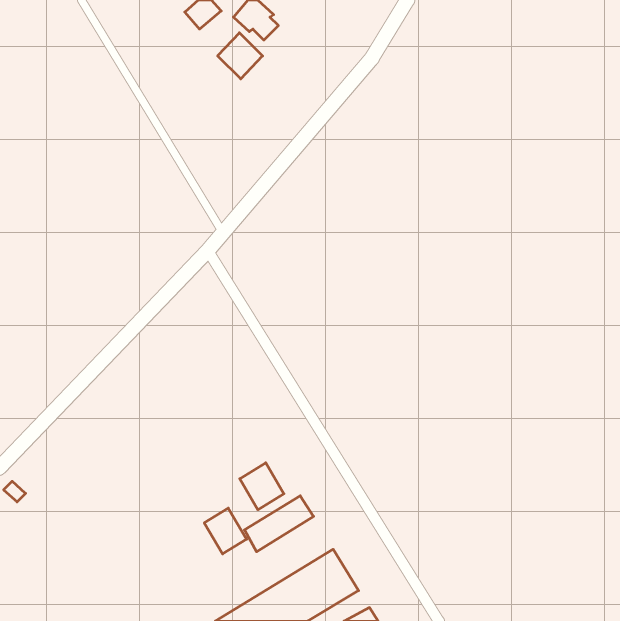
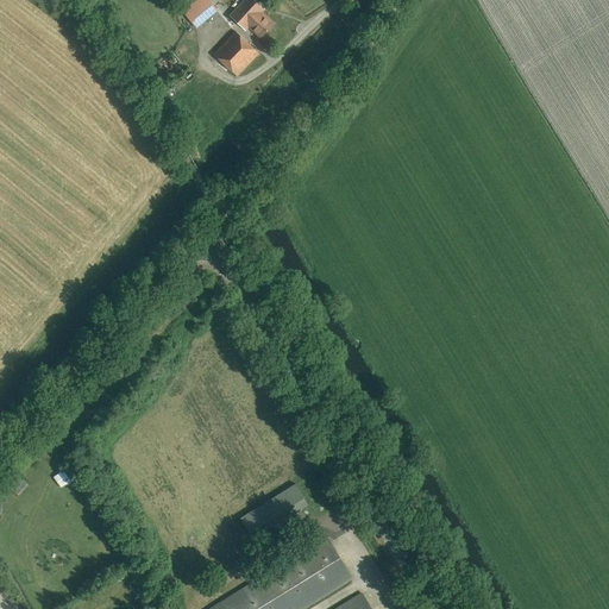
building: [240,463,284,510] -> none
building: [204,508,247,554] -> none

